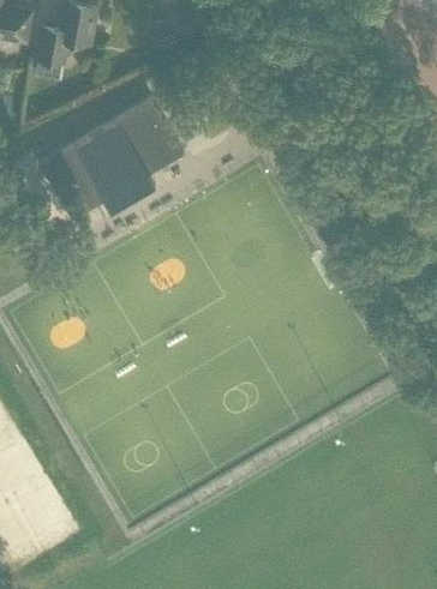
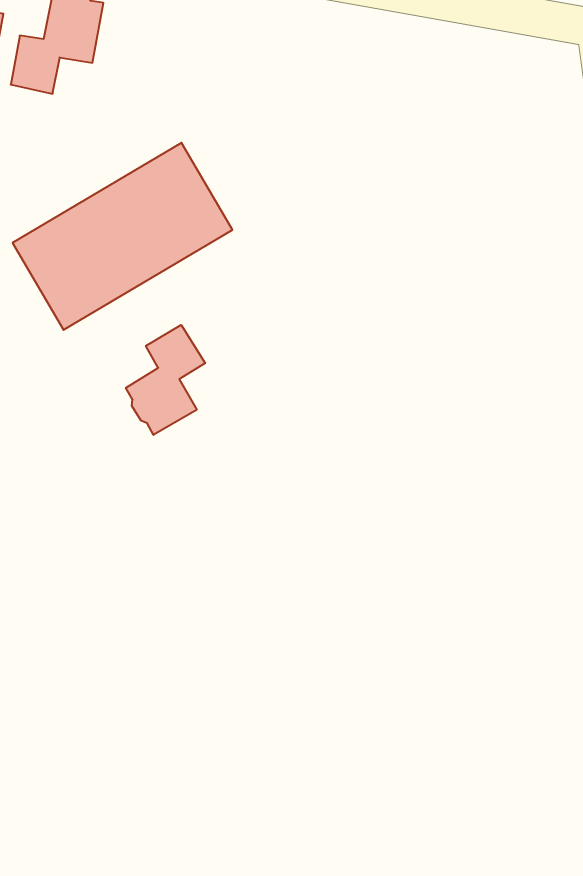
building: none -> [126,325,205,435]

